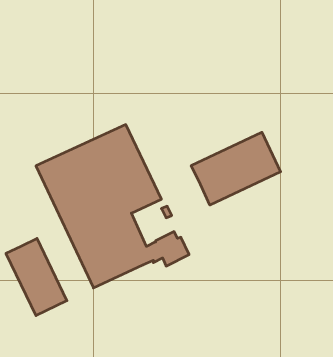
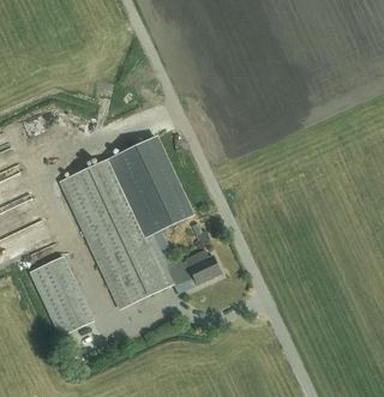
building: [191,132,281,205] -> none

